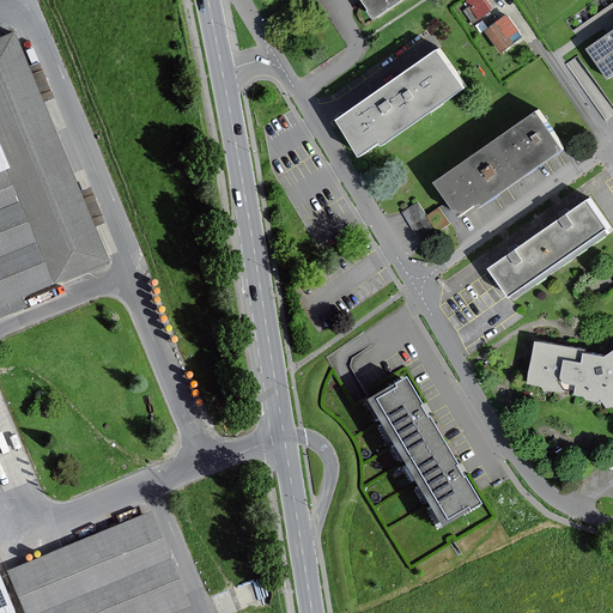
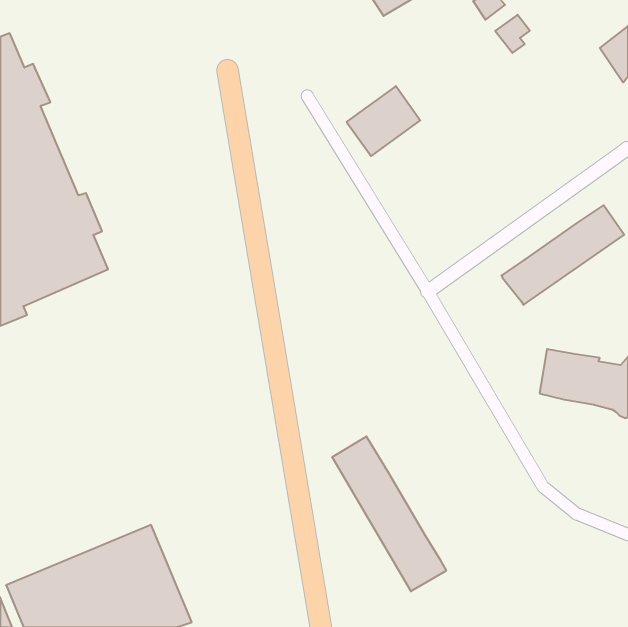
building: [386,48,460,117] -> none
building: [436,113,563,214] -> none
building: [365,376,477,527] -> [332,436,446,591]

